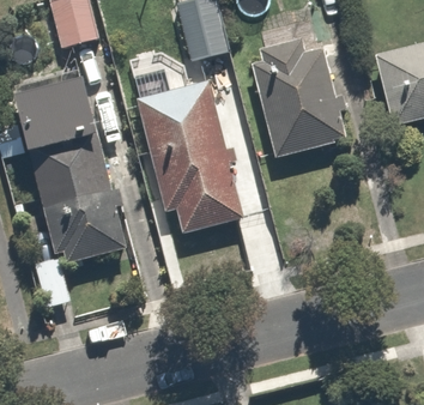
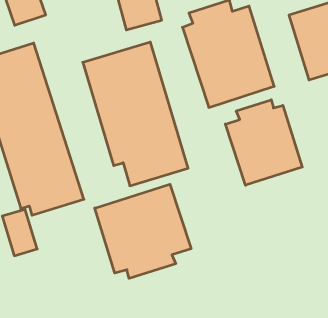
building: none -> [225,100,302,185]
building: none -> [95,184,191,278]

